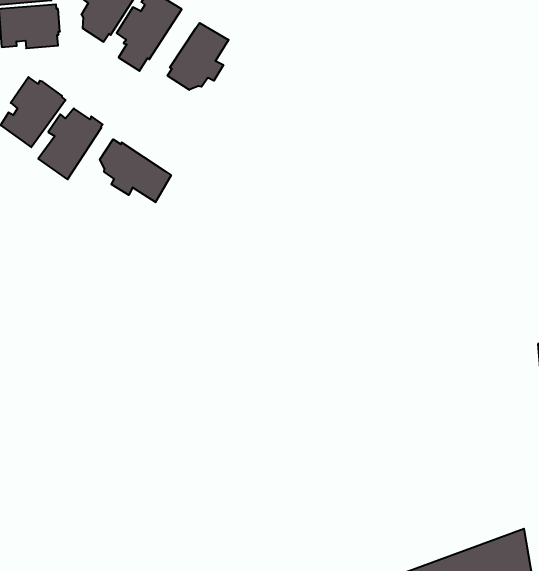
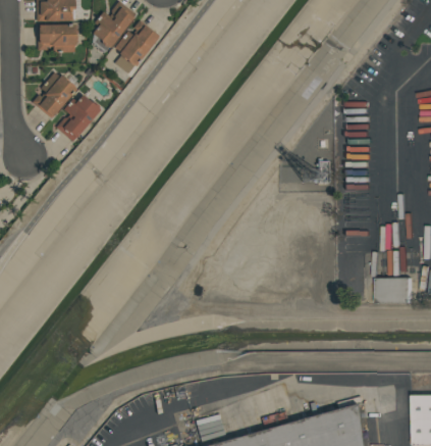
building: [168,23,229,90] -> none
building: [100,139,171,202] -> none

